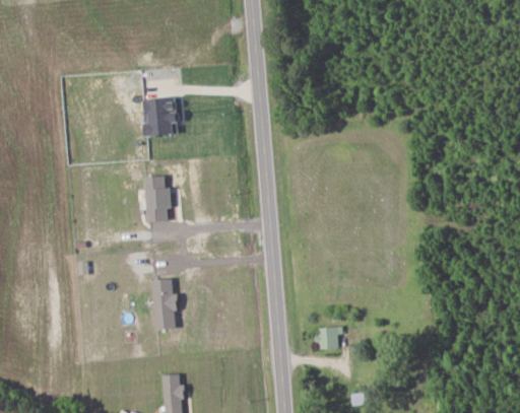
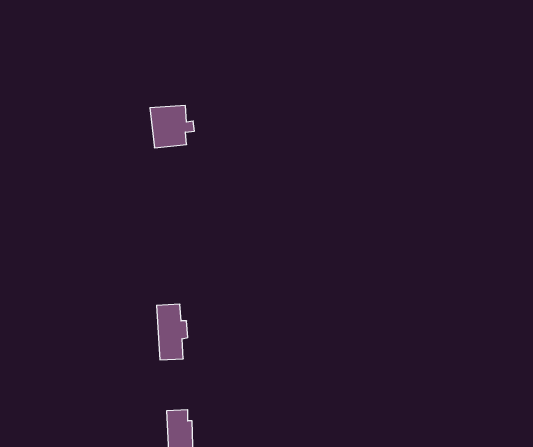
building: [144,177,172,222] -> none
building: [313,328,339,350] -> none

